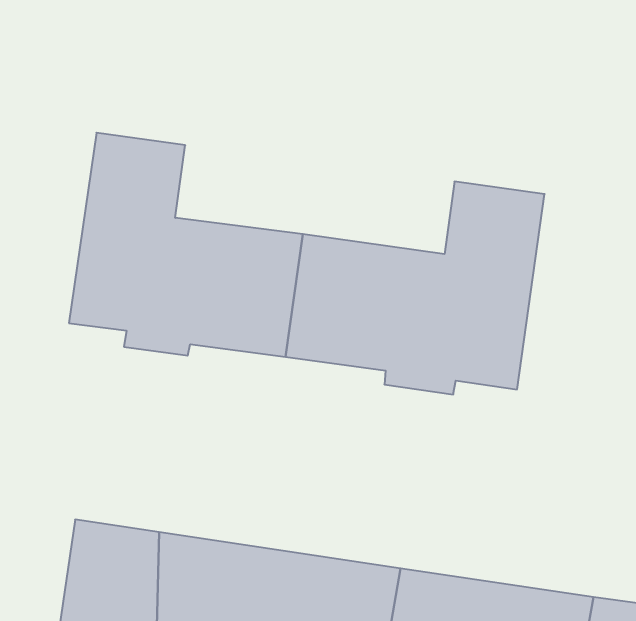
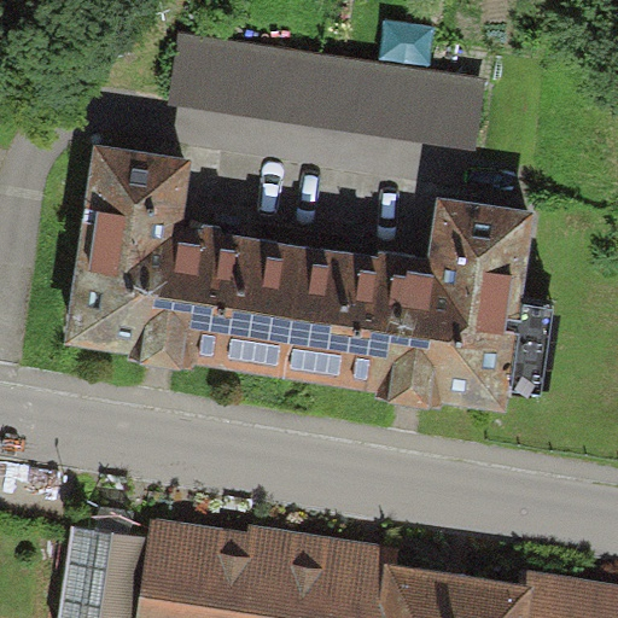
building: none -> [165,39,484,139]

